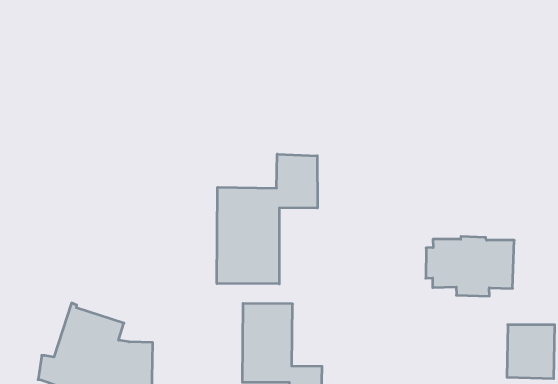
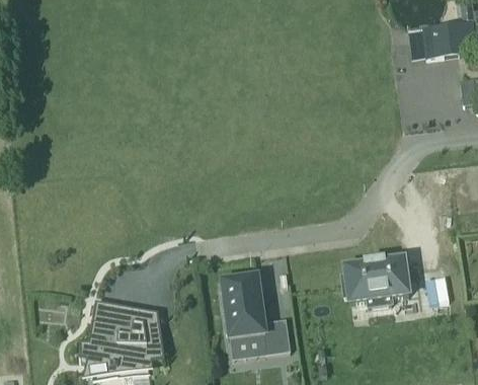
building: [217,154,317,284] -> none
building: [426,236,514,296] -> [340,257,408,304]

